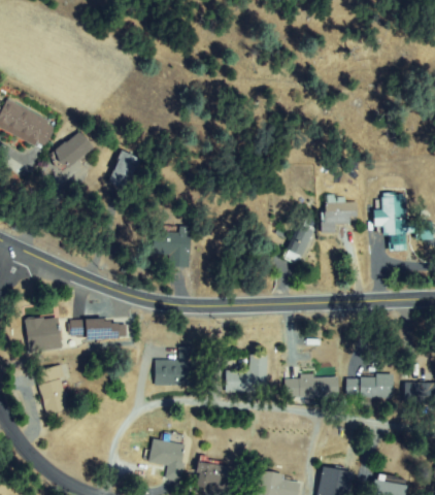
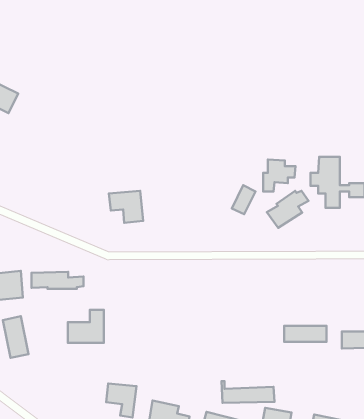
building: [49,132,92,169] -> none
building: [109,152,139,190] -> none
building: none -> [267,191,308,228]
building: [155,346,194,383] -> [68,310,104,343]
building: [226,353,265,391] -> none
building: [279,371,337,395] -> [222,381,275,403]

